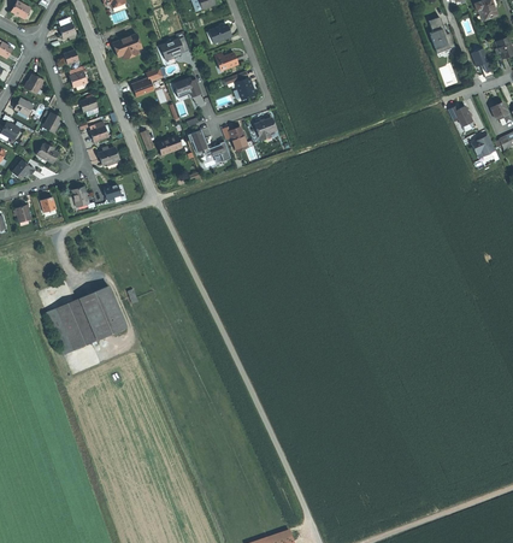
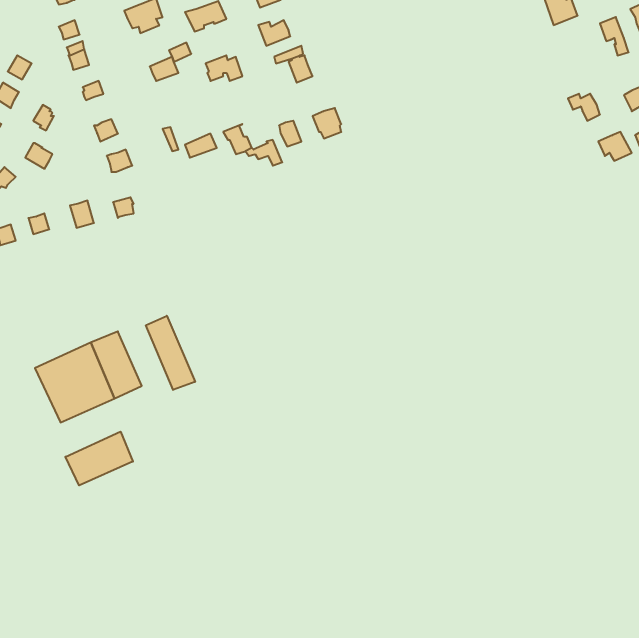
building: none -> [146,316,195,390]
building: none -> [65,432,133,485]

